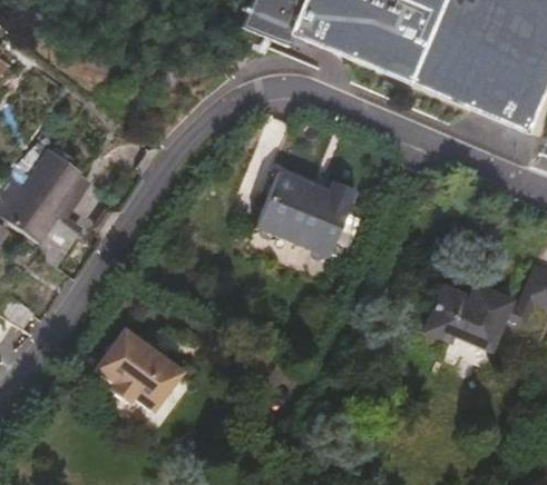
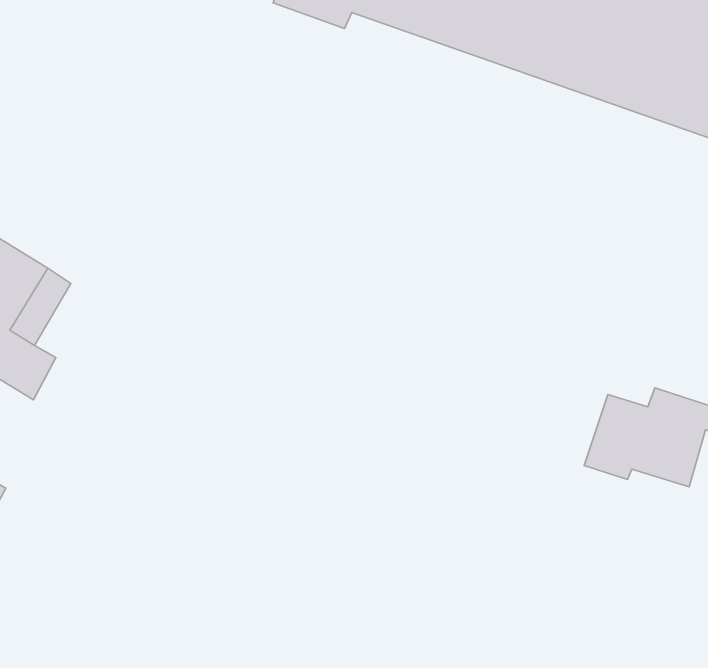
building: [255,167,356,256] -> none
building: [91,323,178,405] -> none

